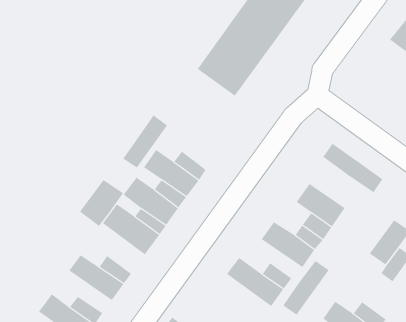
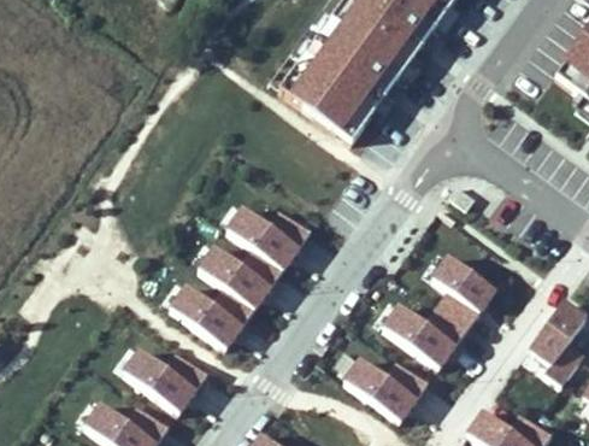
building: [123,114,168,169] -> none
building: [323,143,383,193] -> none
building: [79,179,124,227] -> none
building: [282,260,329,316] -> none

